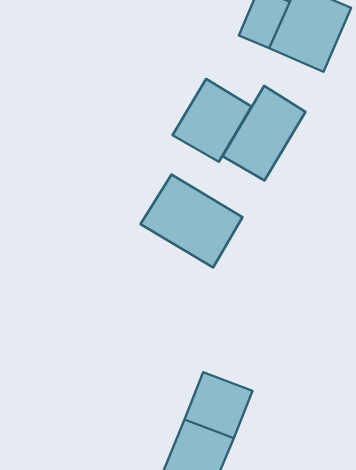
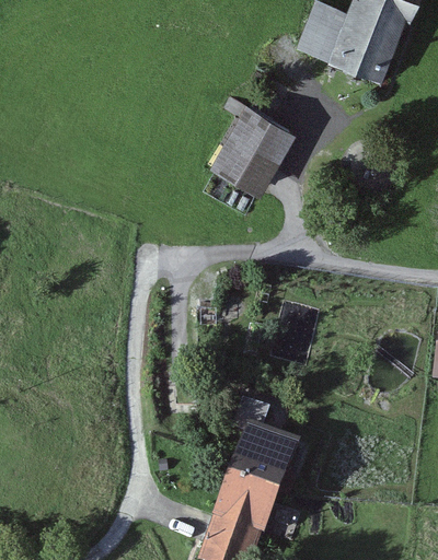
building: [222,86,306,180] -> none
building: [141,174,242,268] -> none

